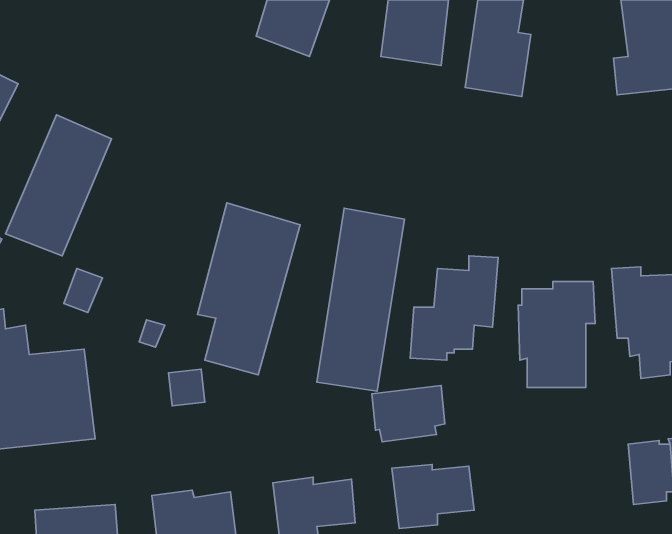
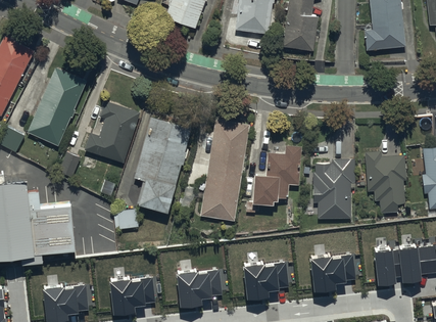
building: none -> [84,101,140,164]
building: [372,386,445,442] -> none
building: none -> [309,256,355,291]

